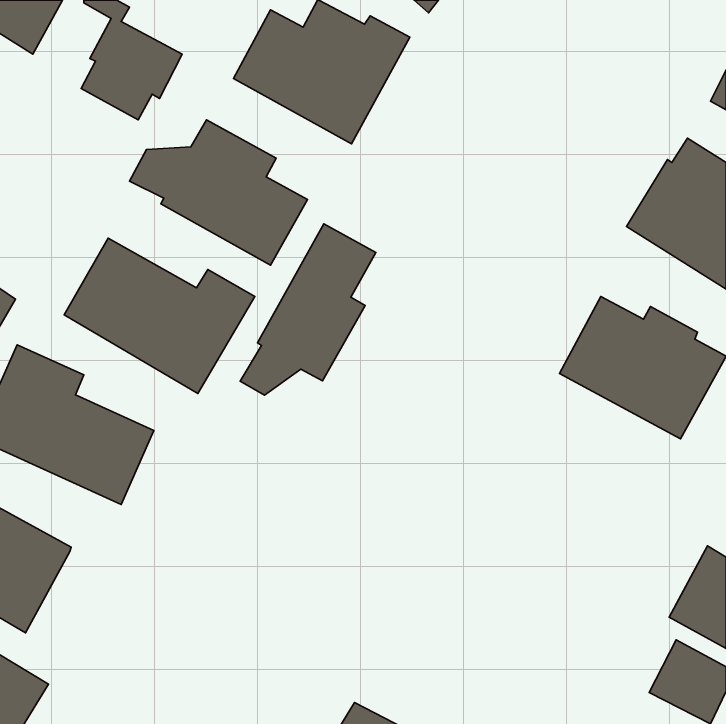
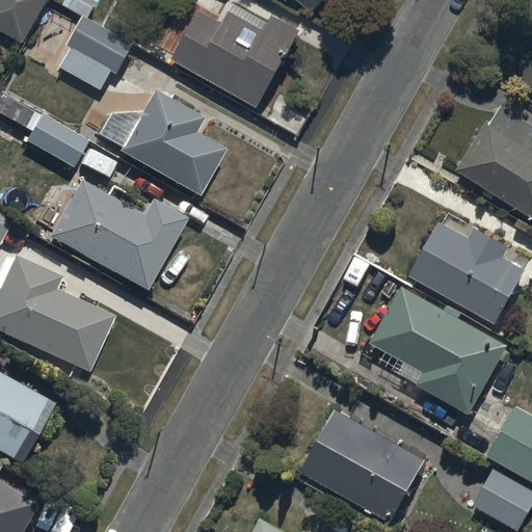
building: none -> [24,116,86,169]
building: [240,224,376,395] -> none
building: none -> [371,285,510,414]
building: none -> [300,408,427,522]

